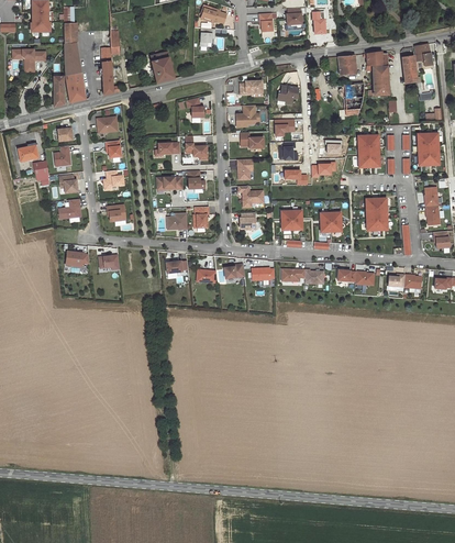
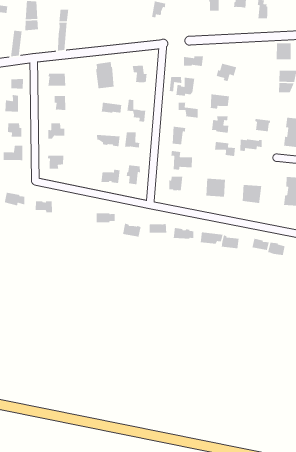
building: [151,52,174,84] -> [95,61,114,89]
building: [66,74,86,103] -> none

